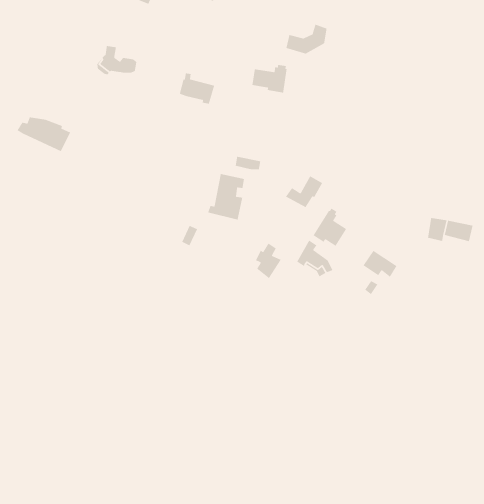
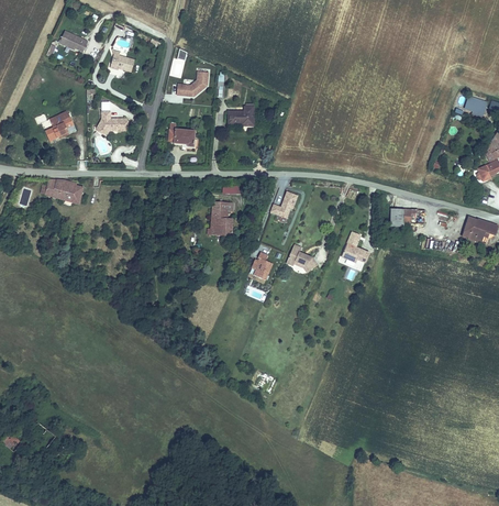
building: [285,24,327,54] -> [177,70,209,97]
building: none -> [46,110,76,141]
building: [312,207,347,247] -> none

